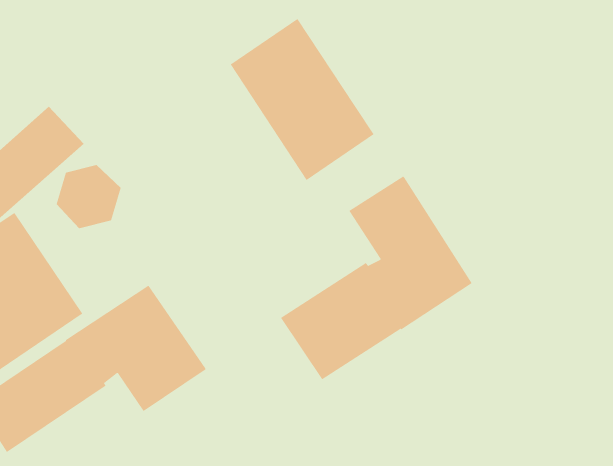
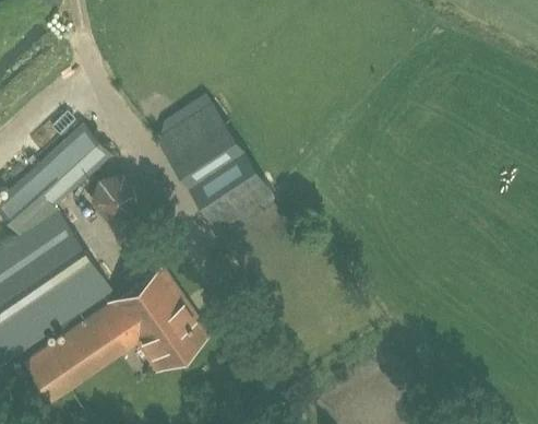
building: [230,18,375,181] -> [155,101,271,231]
building: [280,176,473,380] -> none

